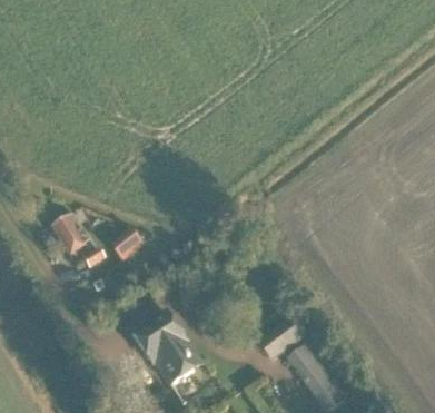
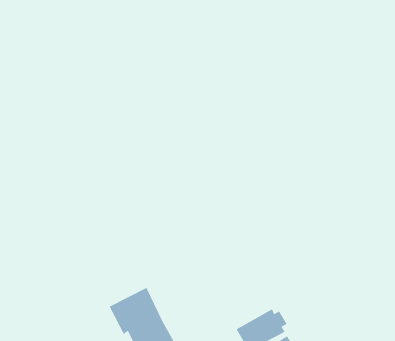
building: [52,216,93,263] -> none
building: [110,230,146,265] -> none

